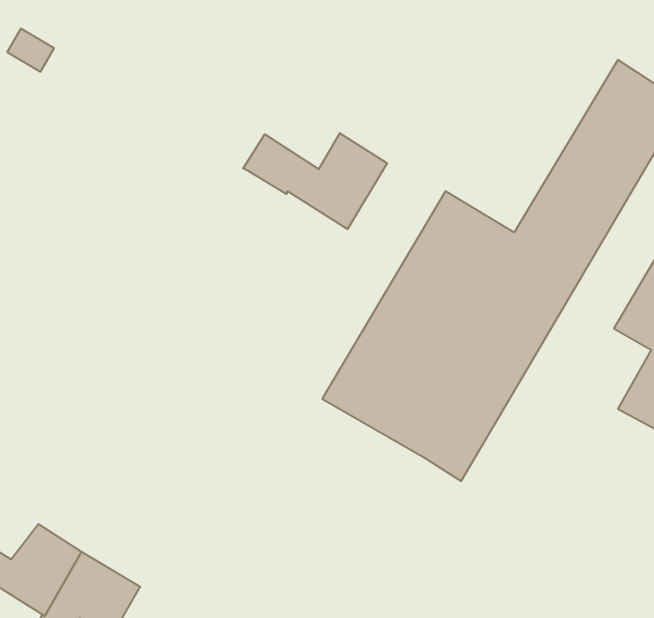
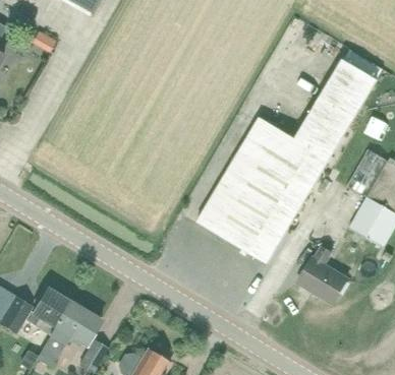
building: [243,133,387,229] -> none
building: none -> [297,245,349,302]

